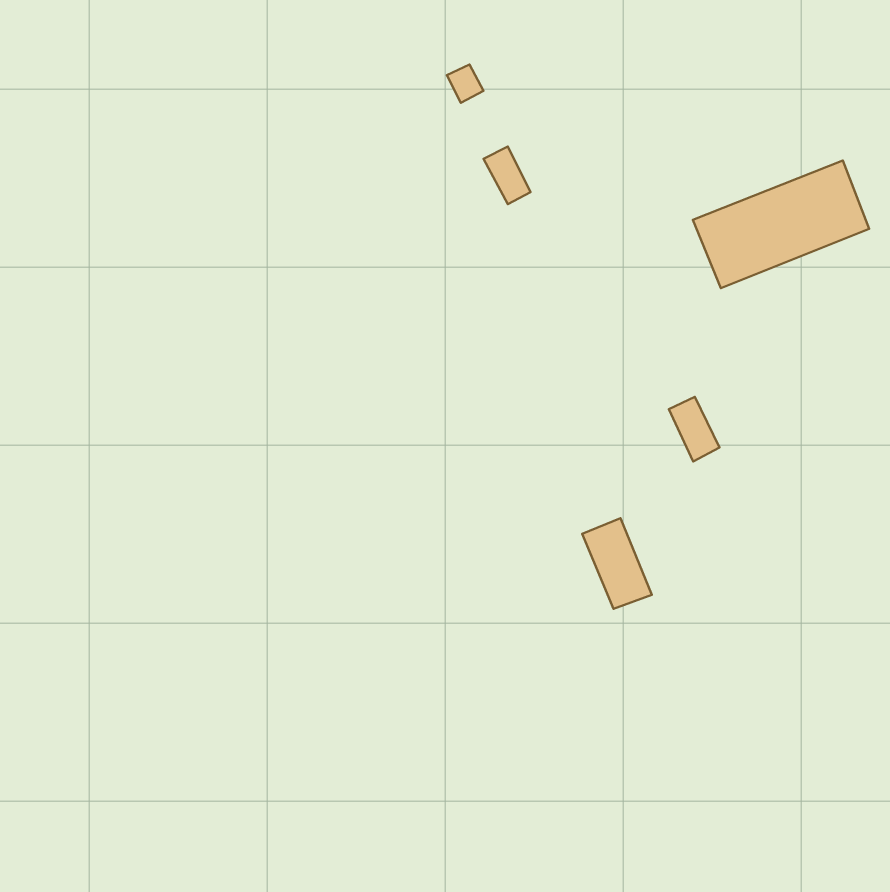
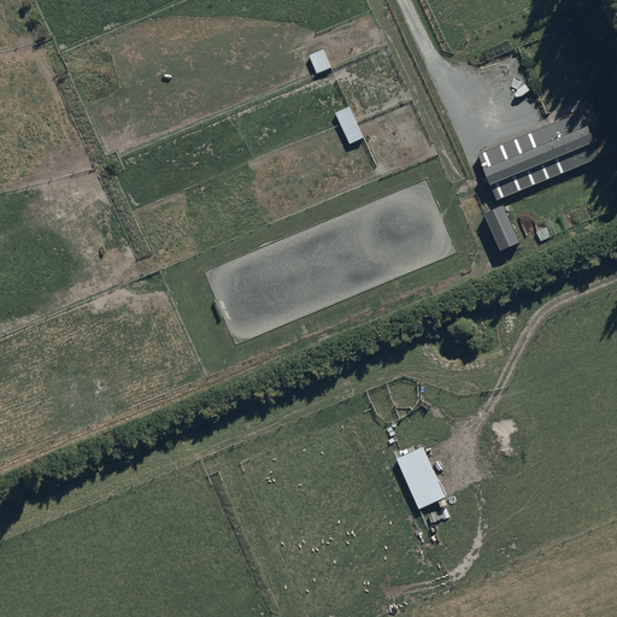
building: [669,397,719,462] -> [486,210,521,254]
building: [582,518,652,609] -> [396,447,445,510]

